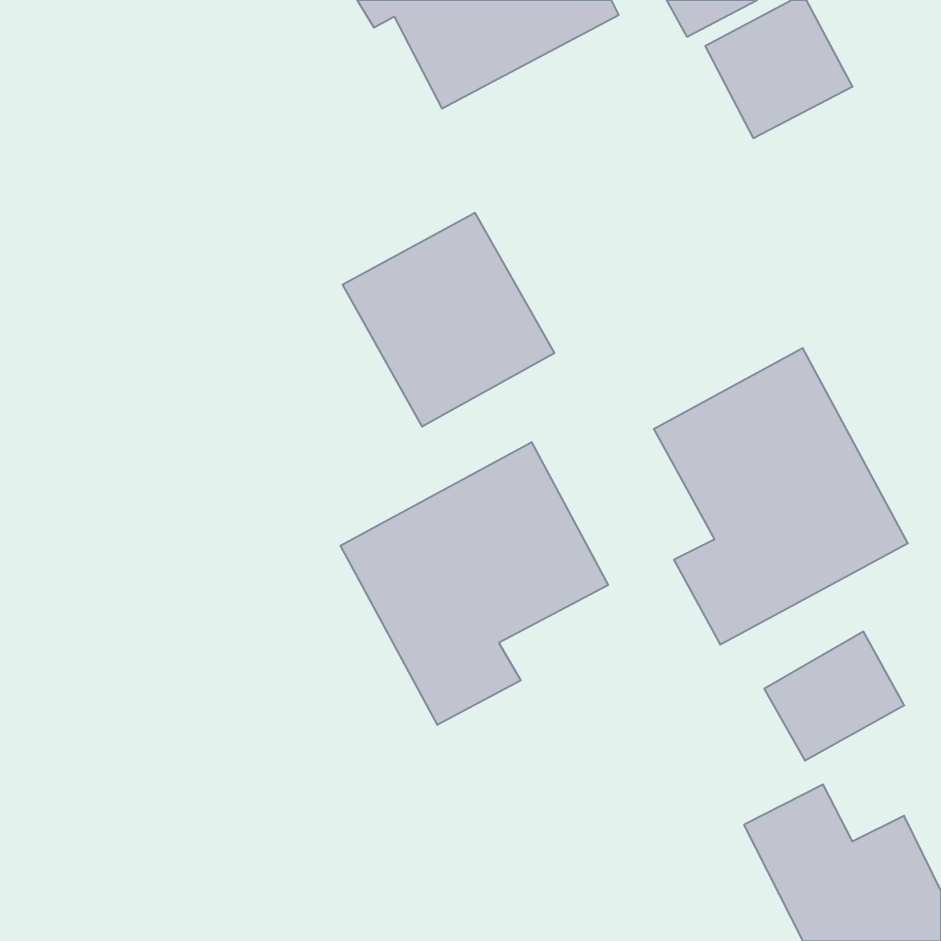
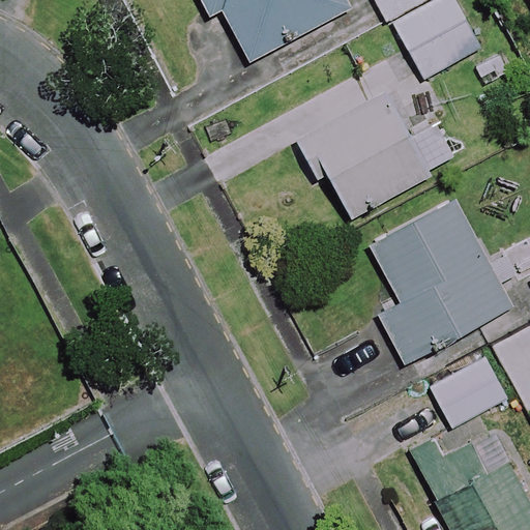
building: [343,213,554,427] -> [306,97,425,217]
building: [341,442,608,725] -> none

